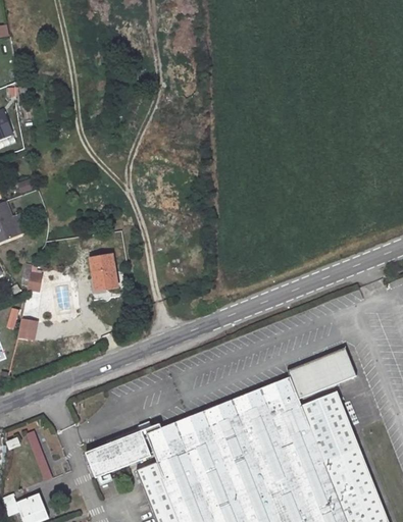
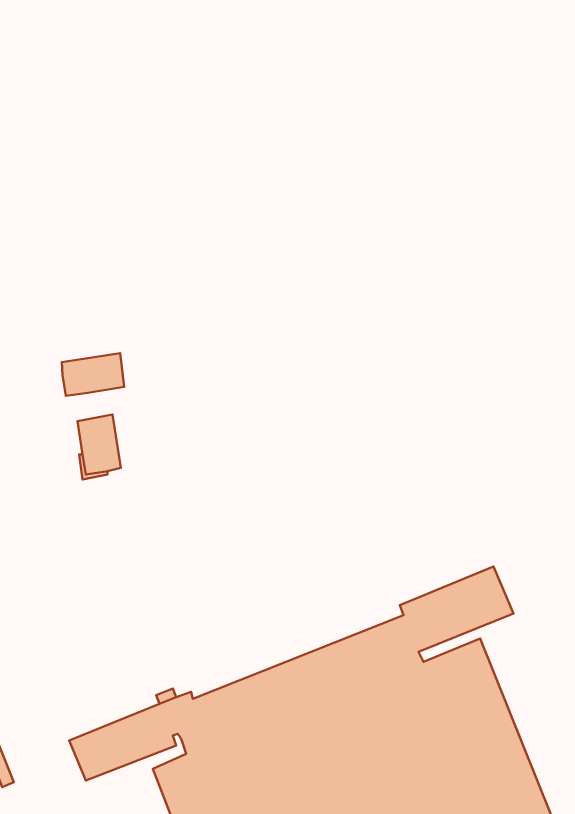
building: none -> [62,353,124,396]

